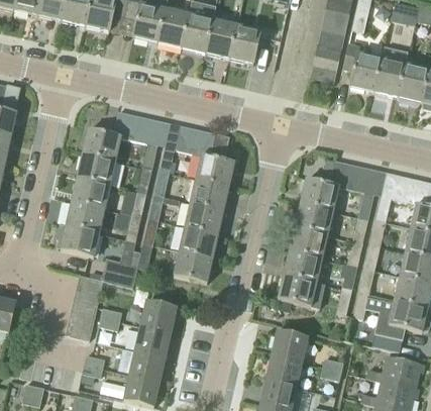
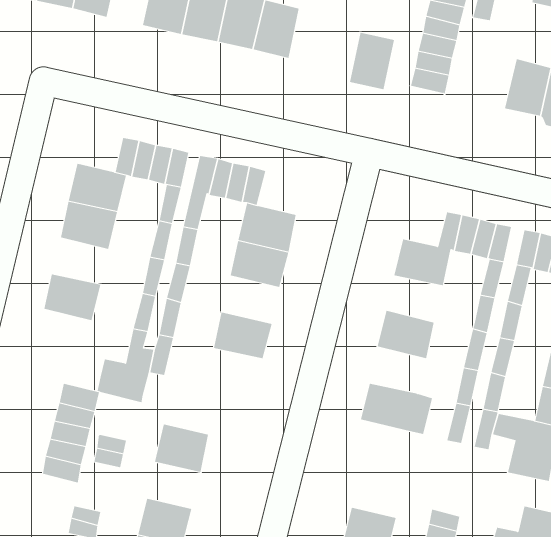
building: [229,24,259,63] -> [349,32,395,90]
building: [348,53,381,91] -> none
building: [71,177,109,208] -> none
building: [184,202,223,234] -> none
building: [294,202,332,233] -> none
building: [56,223,98,256] -> none
building: [283,249,321,281] -> none
building: [173,250,212,283] -> none
building: [134,326,171,357] -> none
building: [271,330,307,364] -> none

